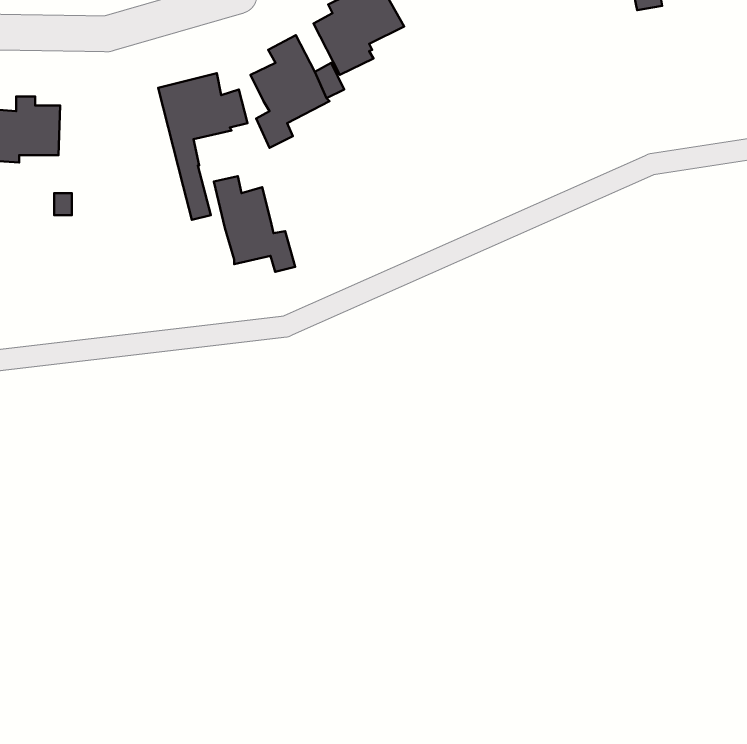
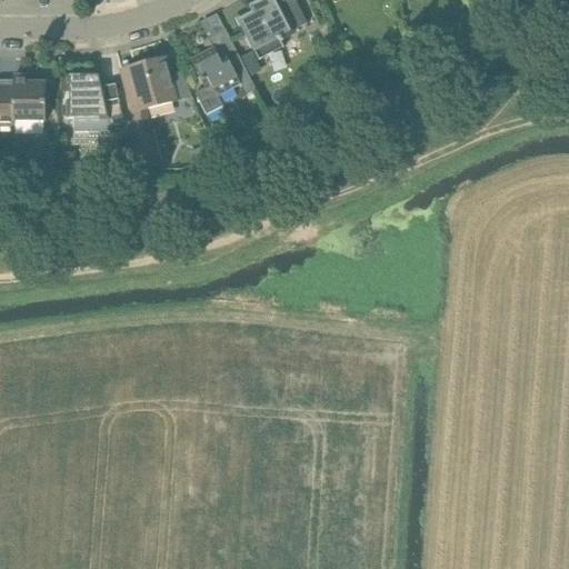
building: none -> [63,72,123,128]
building: [214,176,295,272] -> none

